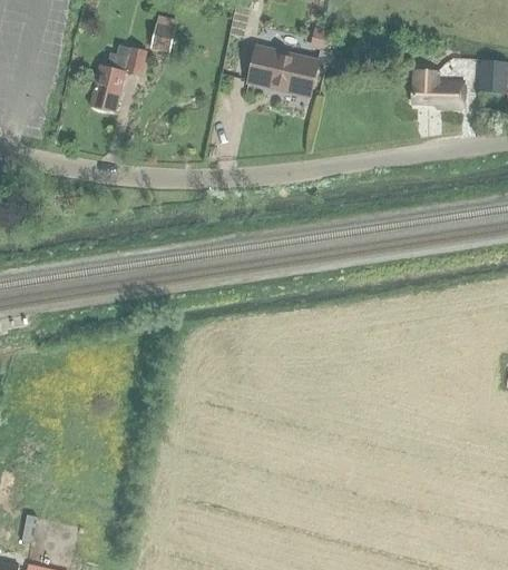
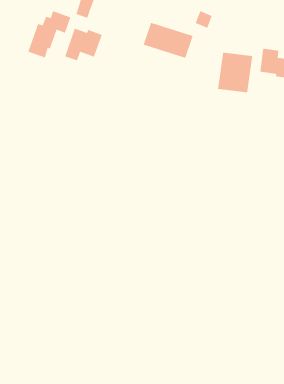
building: none -> [64,28,102,61]
building: none -> [218,52,253,93]

